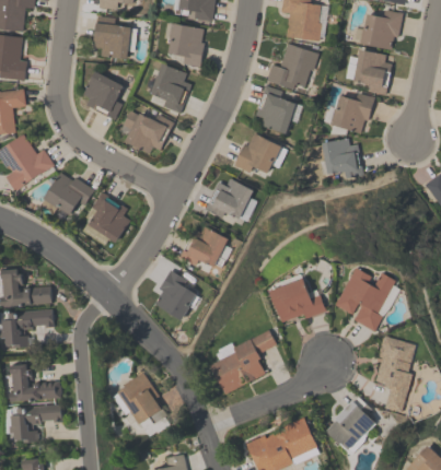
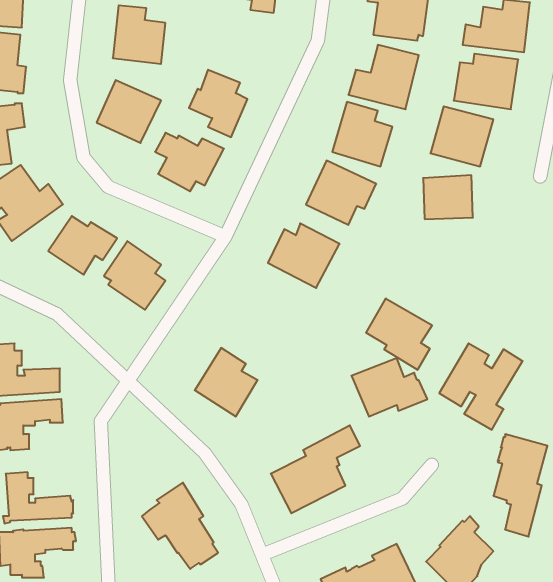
building: [166,23,205,68] -> none
building: [183,224,233,273] -> none
building: none -> [366,298,432,370]

